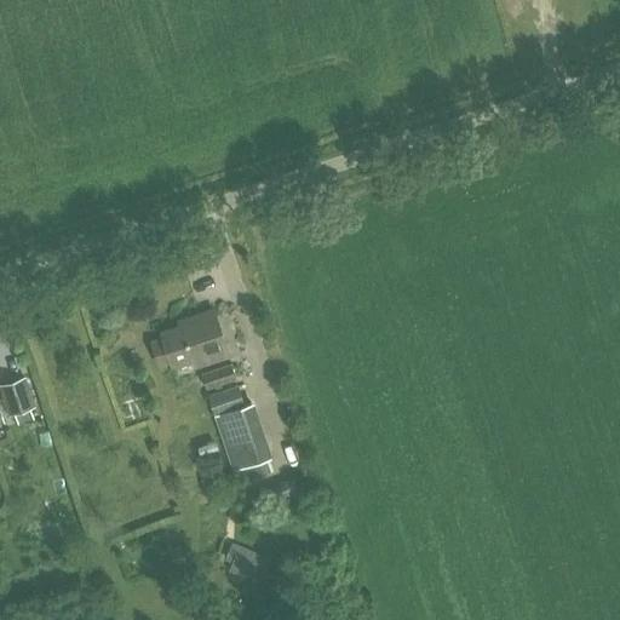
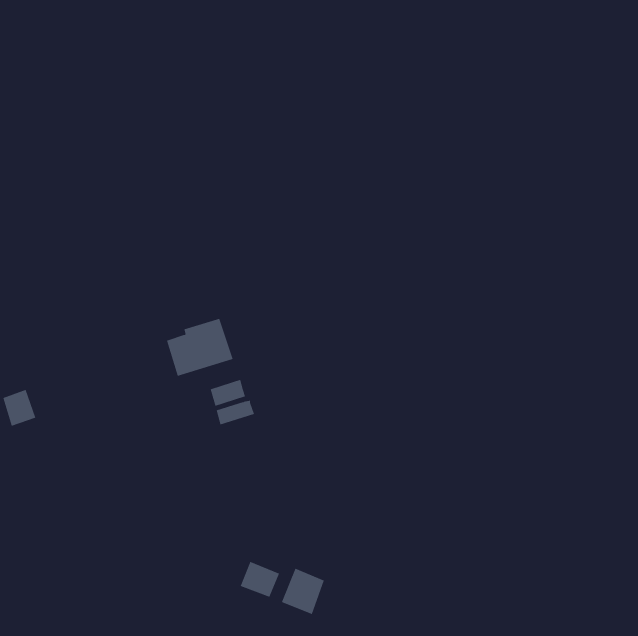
building: [214,404,270,471] -> none
building: none -> [281,568,325,615]

